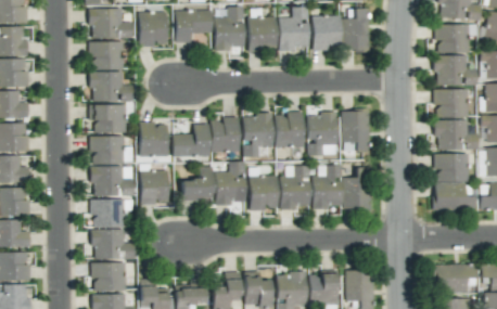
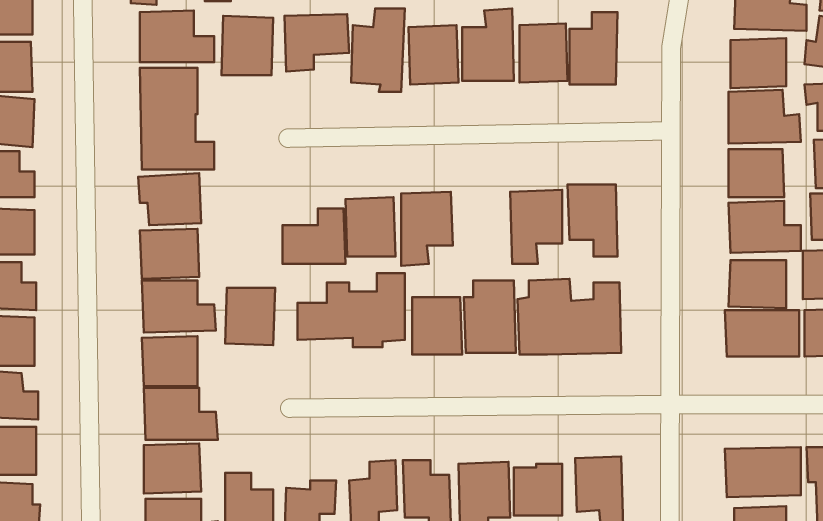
building: [276,113,304,146] -> none
building: [139,123,168,157] -> none

